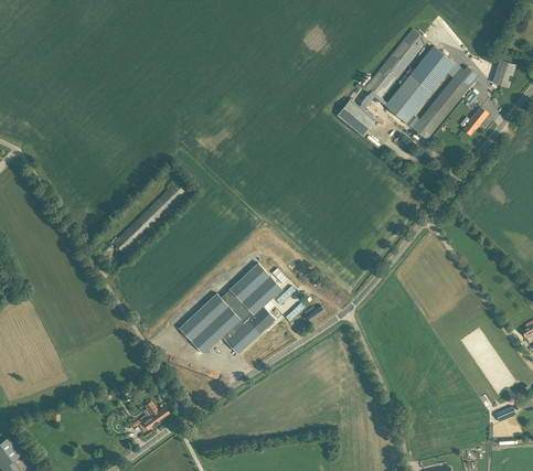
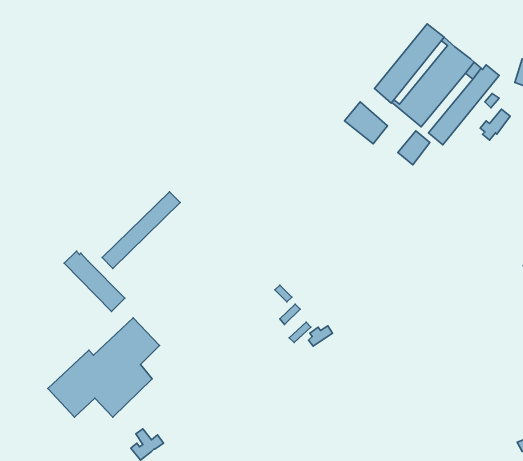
building: none -> [398,131,430,165]
building: none -> [64,251,125,311]
building: [179,264,281,355] -> [48,318,160,417]

